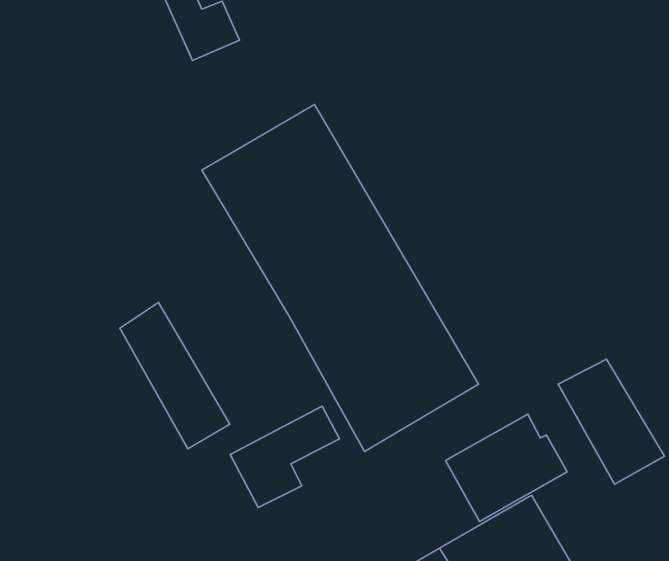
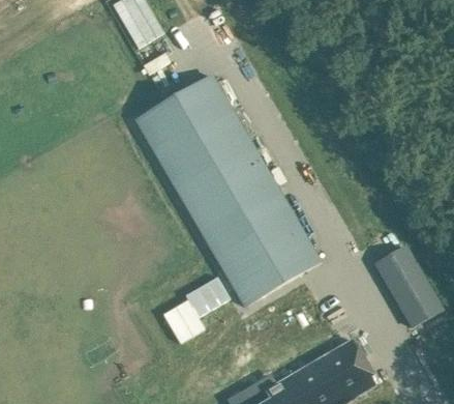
building: [120,303,230,449] -> none
building: [446,414,567,522] -> none

